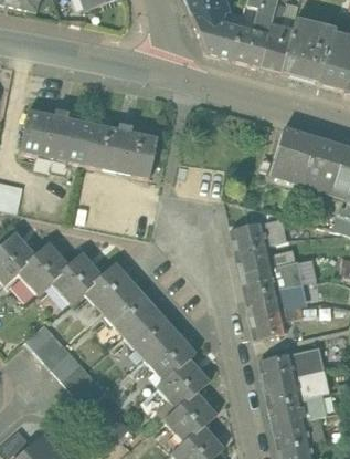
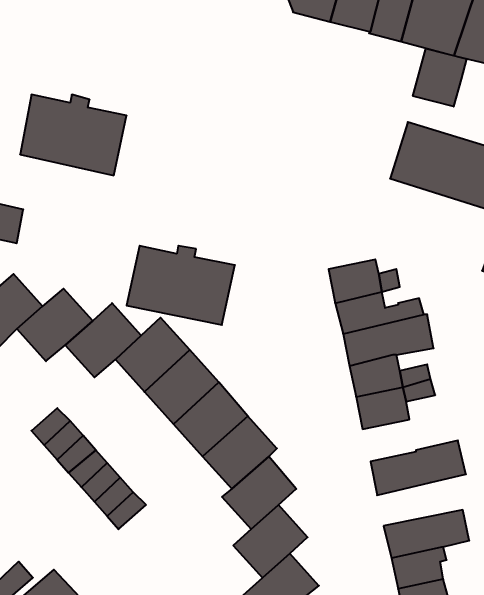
building: none -> [413,48,467,107]
building: [84,124,158,178] -> [127,246,235,325]
building: [264,369,329,405] -> none

